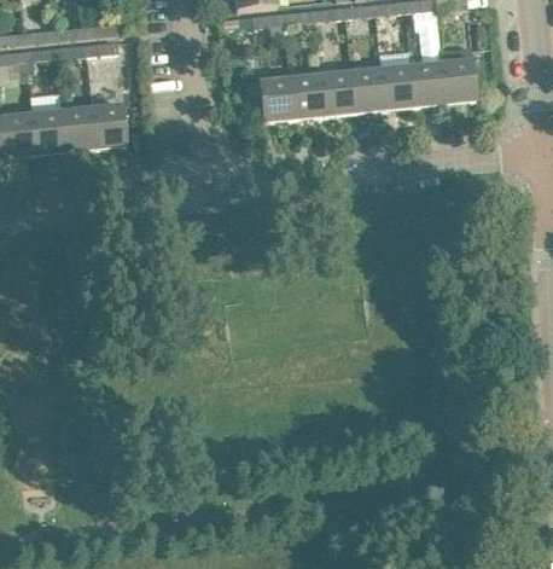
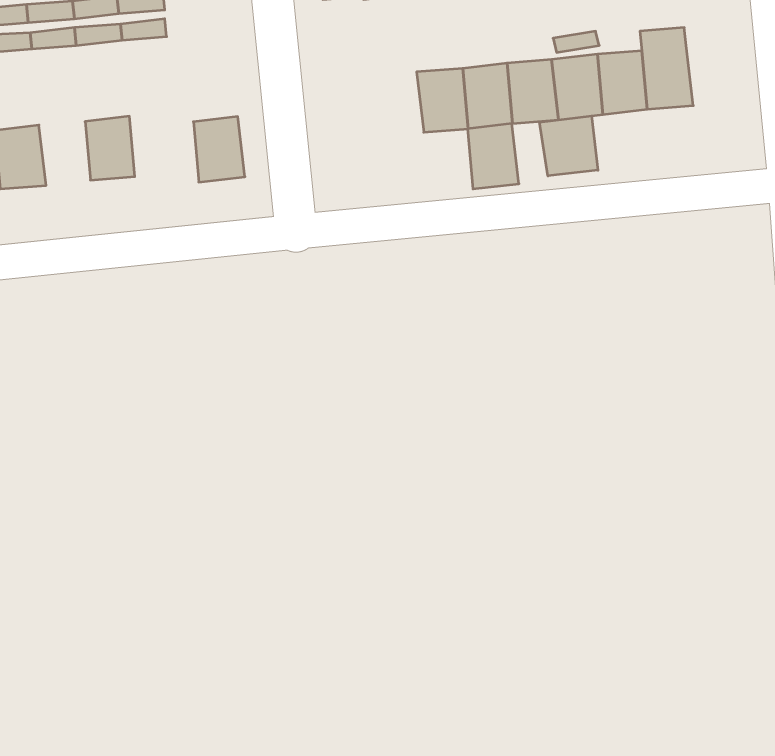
building: [257,77,292,122] -> [468,123,519,189]
building: [92,104,127,149] -> [193,117,245,182]
building: none -> [540,116,598,176]
building: [30,111,65,155] -> none

